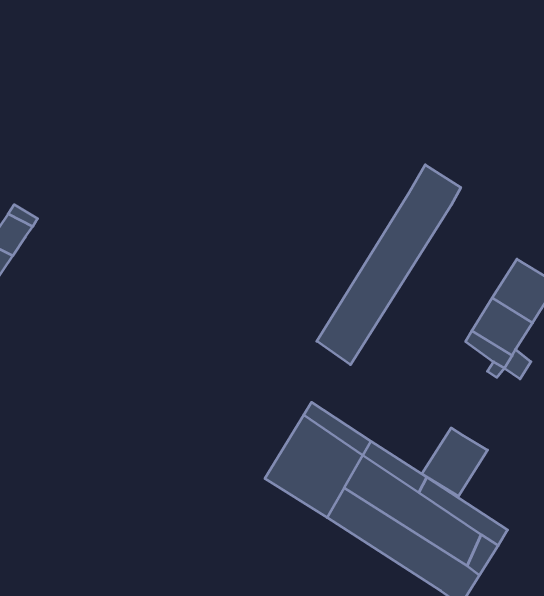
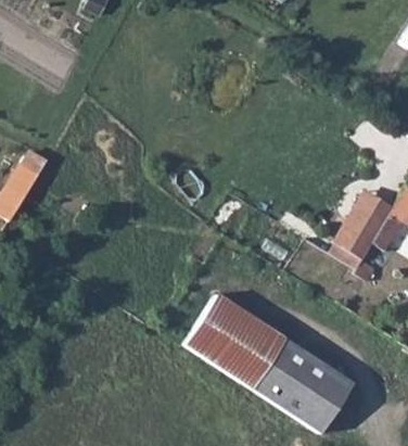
building: [317,165,461,365] -> none
building: [422,428,488,496] -> none

